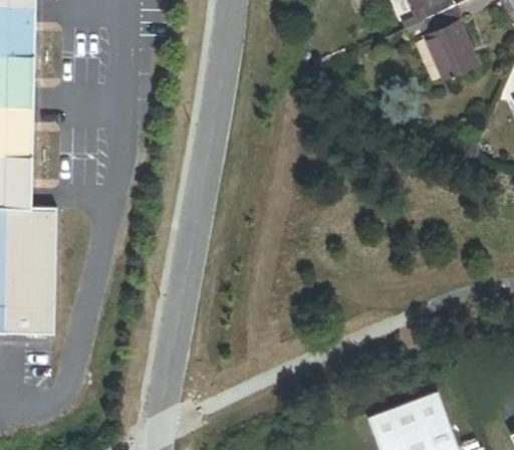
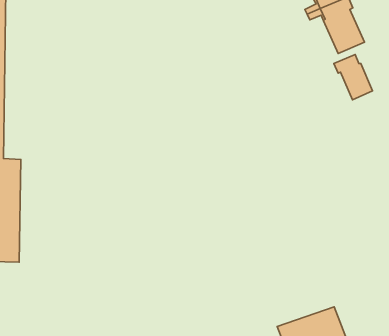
building: none -> [334,54,373,100]

